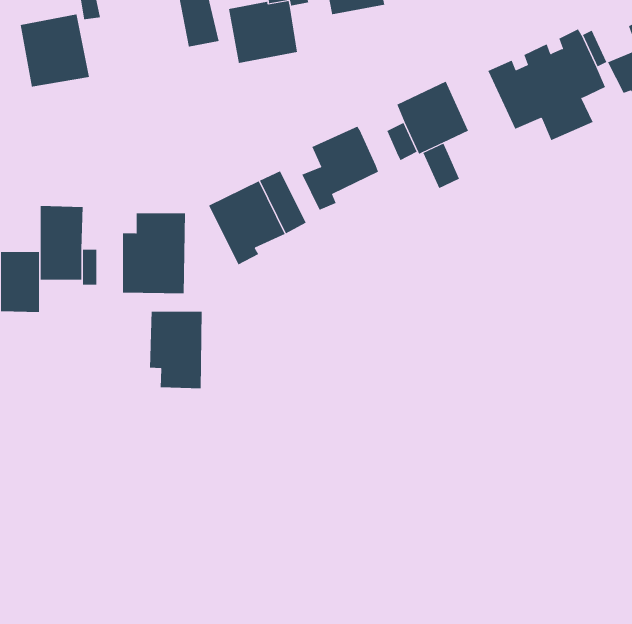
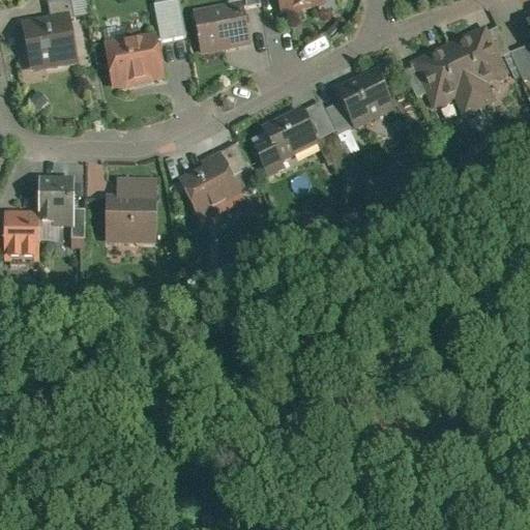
building: none -> [100,30,166,89]
building: [422,143,460,189] -> [303,99,334,138]
building: [149,311,202,389] -> none

